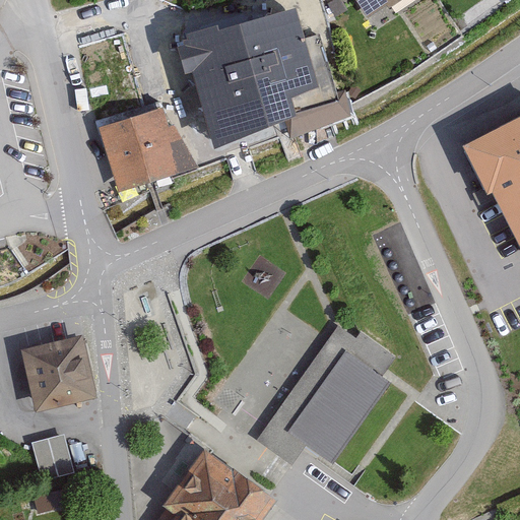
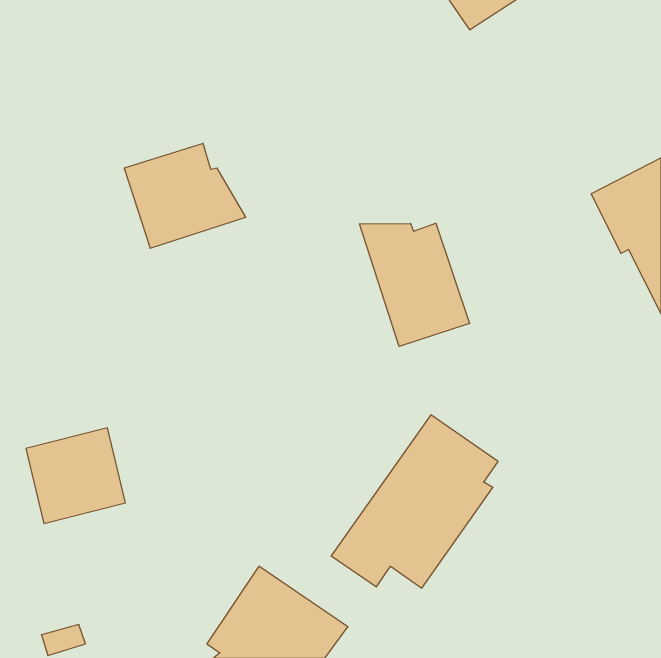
building: [183,5,348,139] -> none
building: none -> [359,223,469,346]
building: [29,436,71,482] -> none

